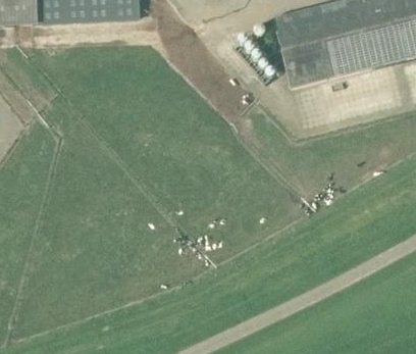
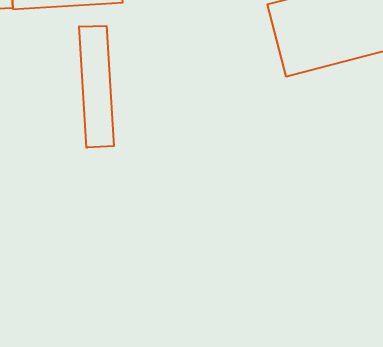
building: none -> [79,26,114,148]

